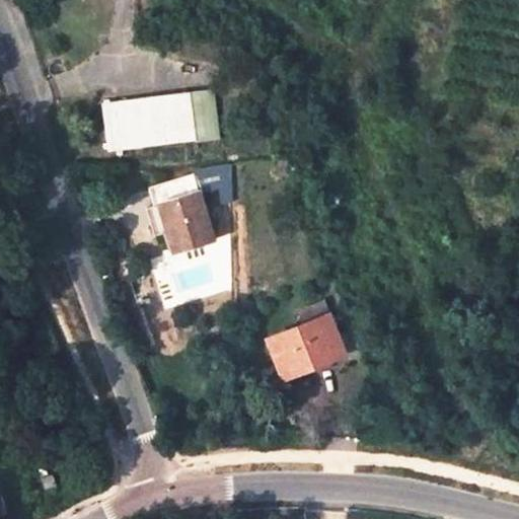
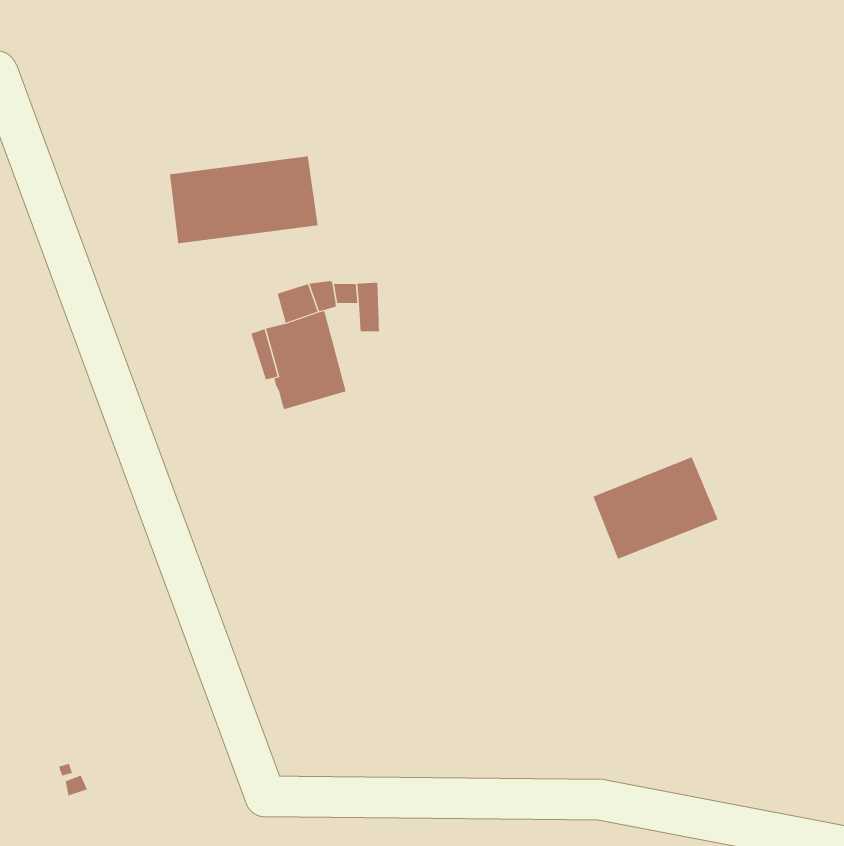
building: [189,93,218,139] -> none
building: [267,314,344,377] -> [593,457,719,559]

